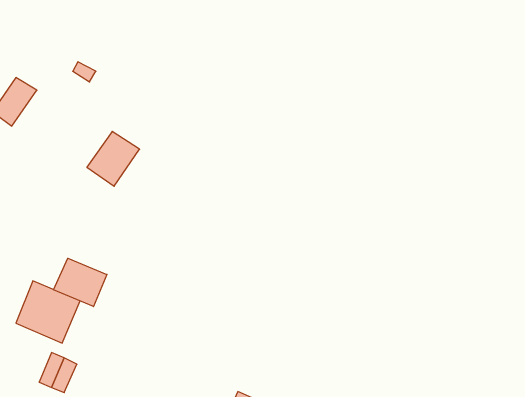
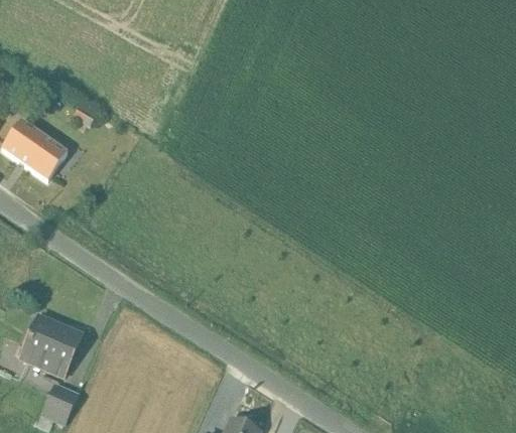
building: [87,131,140,186] -> [16,132,67,184]
building: [54,258,107,307] -> none

